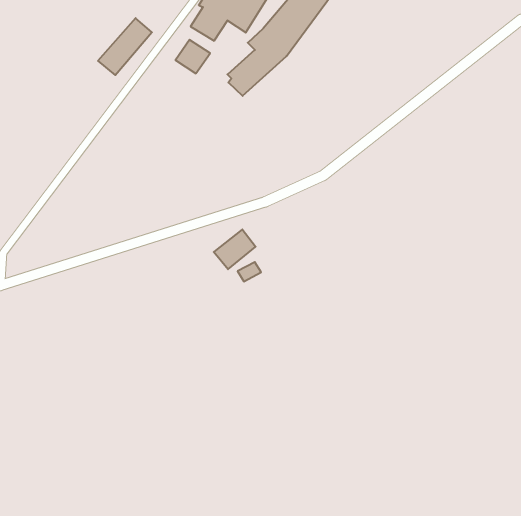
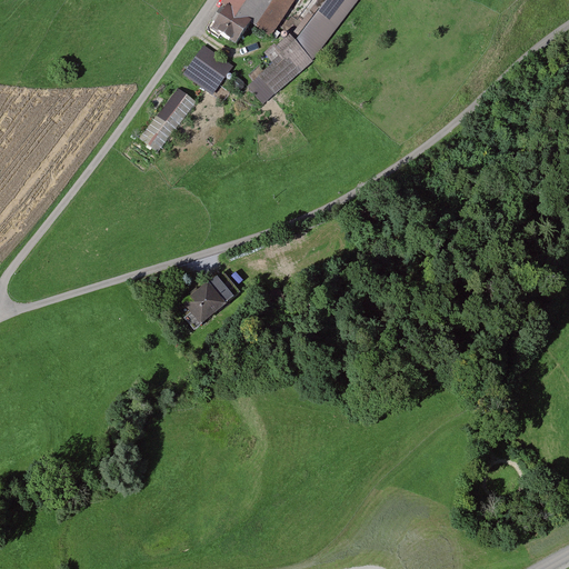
building: [98,18,152,75] -> [138,87,197,149]
building: [214,229,256,269] -> [187,274,232,318]

